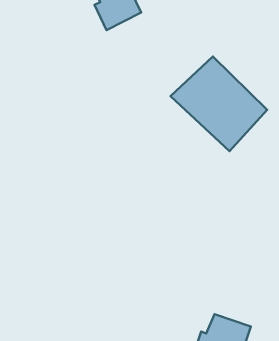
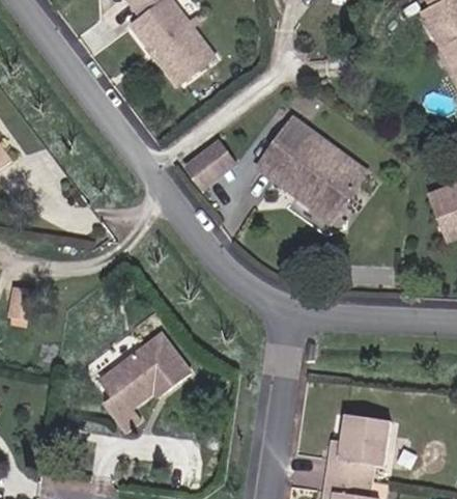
building: none -> [184,138,238,191]
building: none -> [98,330,191,431]

